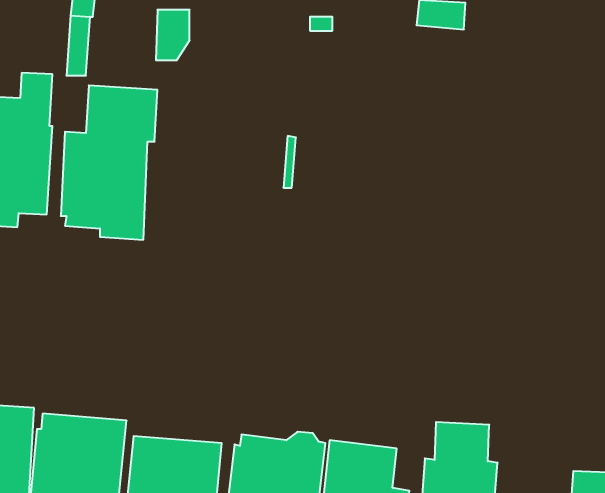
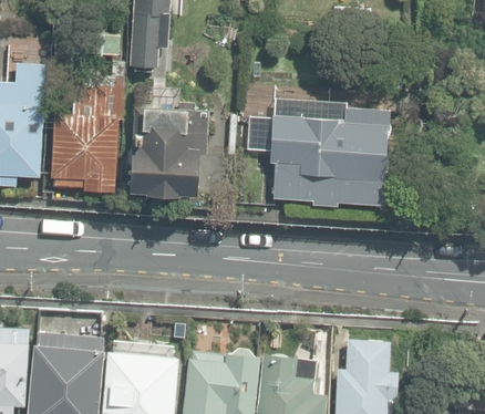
building: none -> [131,102,208,196]
building: none -> [268,107,386,208]

